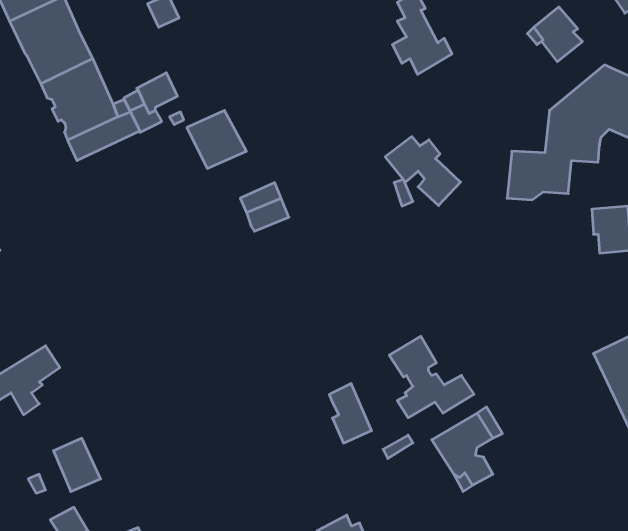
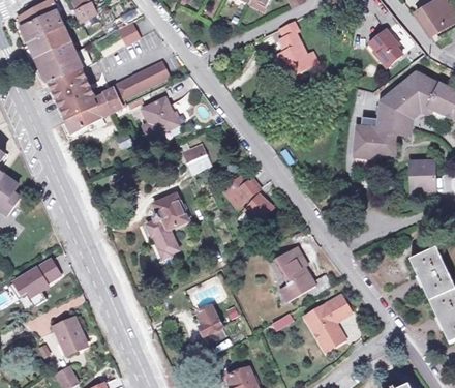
building: none -> [129,62,166,91]
building: [385,137,461,206] -> [222,178,272,223]
building: none -> [146,198,190,260]
building: [329,384,372,443] -> [196,304,224,344]

